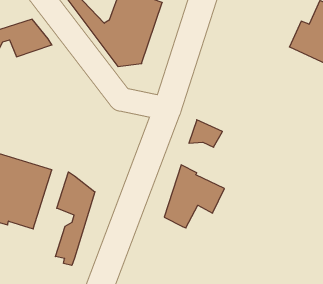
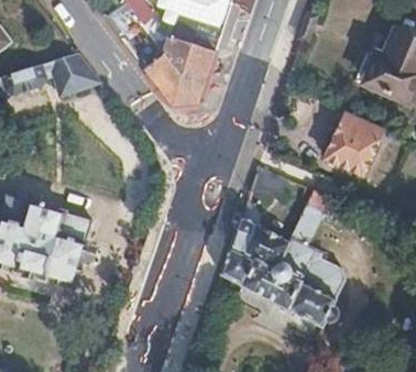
building: none -> [326,112,384,176]
building: none -> [247,192,346,326]
building: [55,172,95,265] -> none

